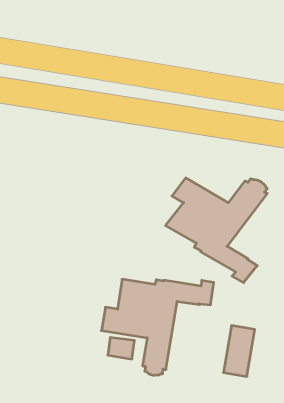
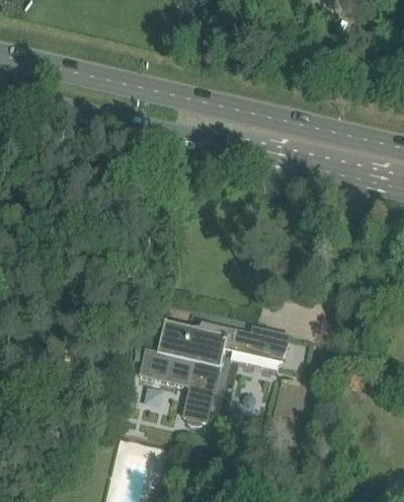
building: [166,178,267,283] -> none
building: none -> [260,330,290,359]

